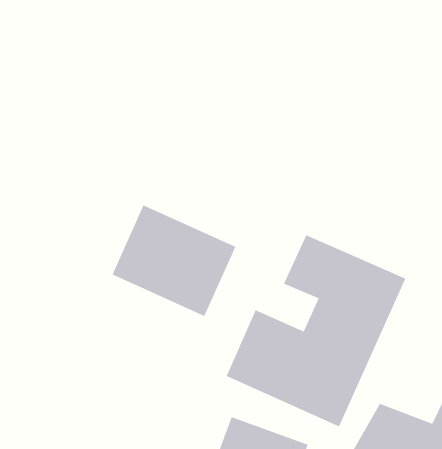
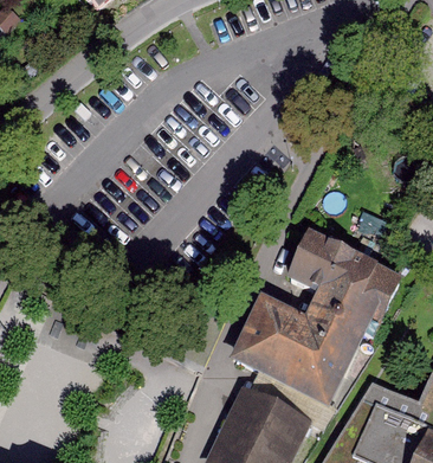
building: [112,204,236,317] -> none

